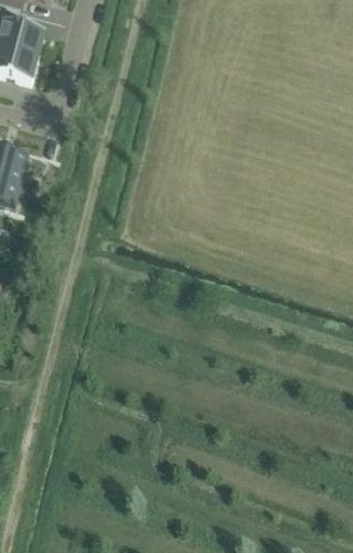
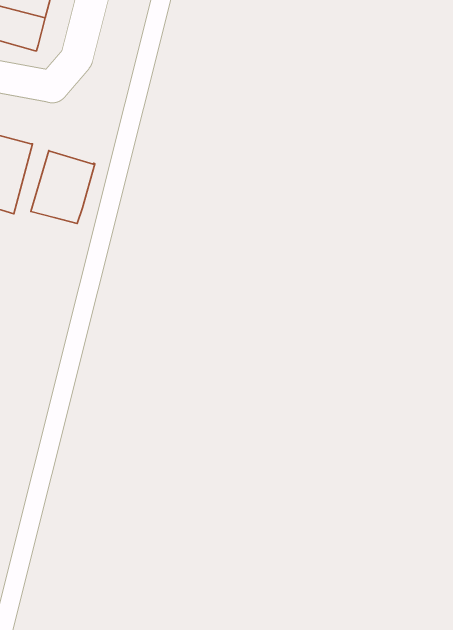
building: none -> [31,151,95,224]

